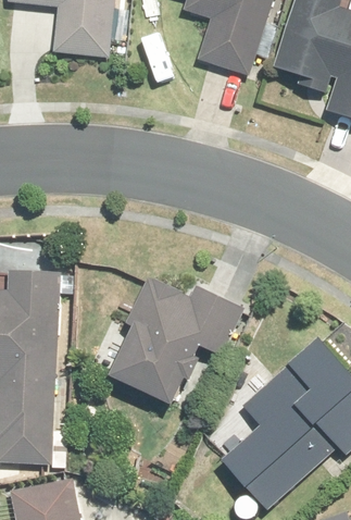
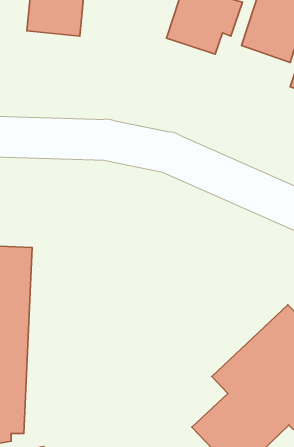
building: [111,276,238,404] -> none

